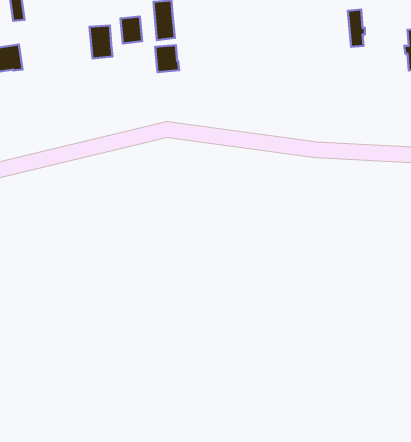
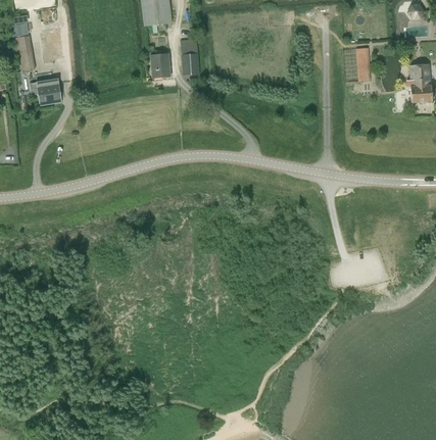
building: [90,26,112,59] -> none
building: [155,45,179,72] -> none

